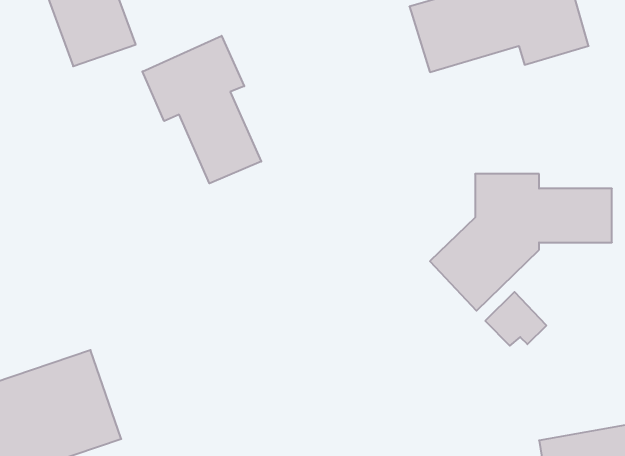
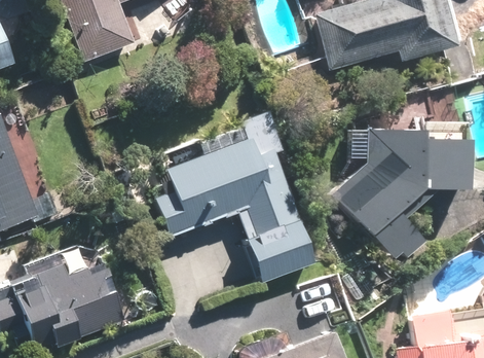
building: [142,36,261,183] -> none
building: none -> [161,141,312,275]

